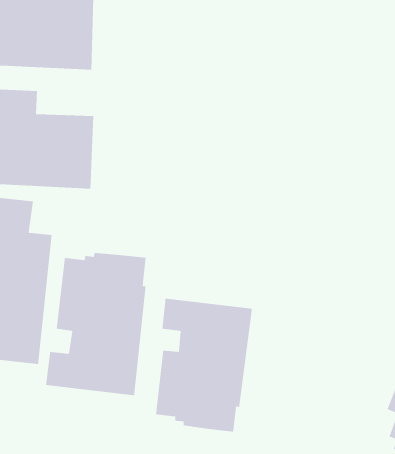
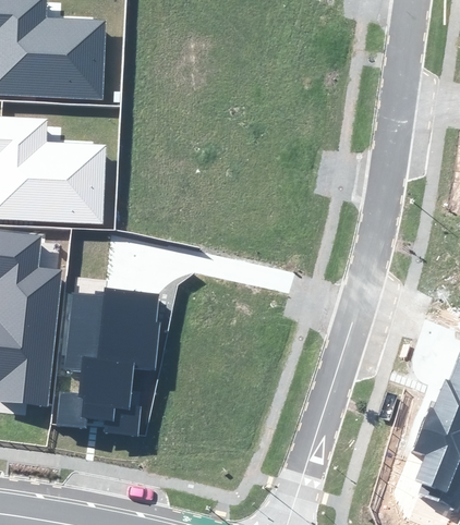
building: [155,298,253,433] -> none

